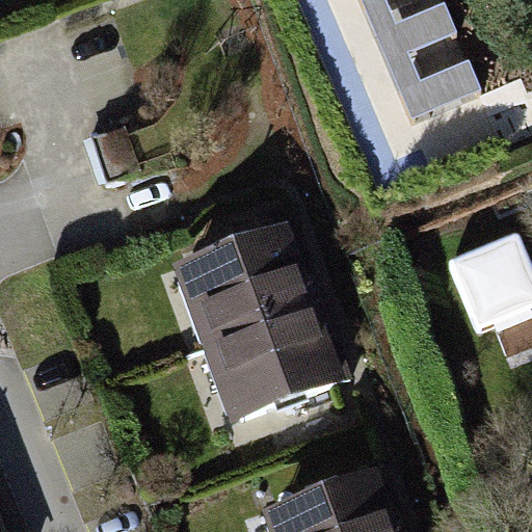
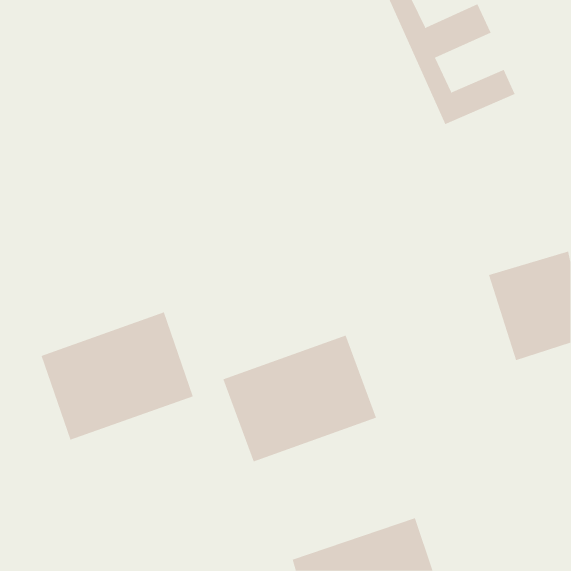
building: [177,228,317,347] -> none
building: none -> [41,312,193,441]

